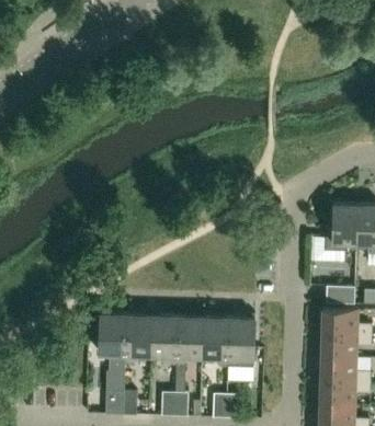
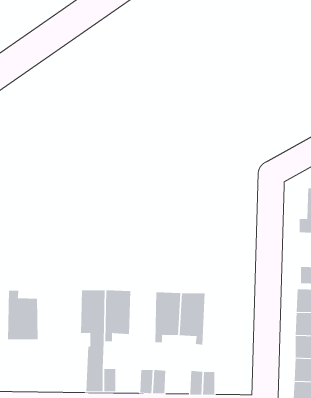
building: none -> [7,290,38,340]
building: [150,311,177,365] -> none
building: [226,313,254,367] -> none

